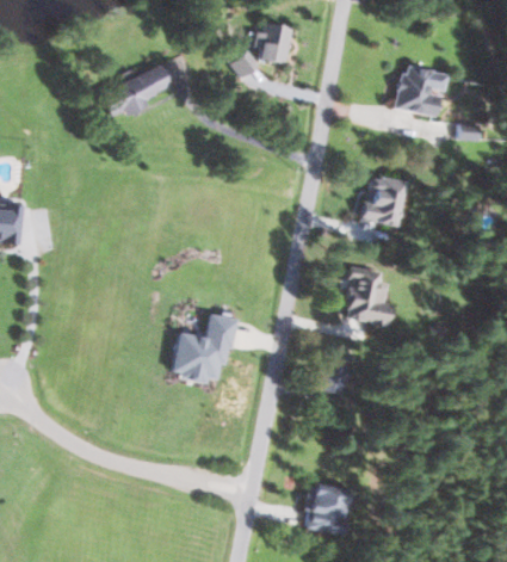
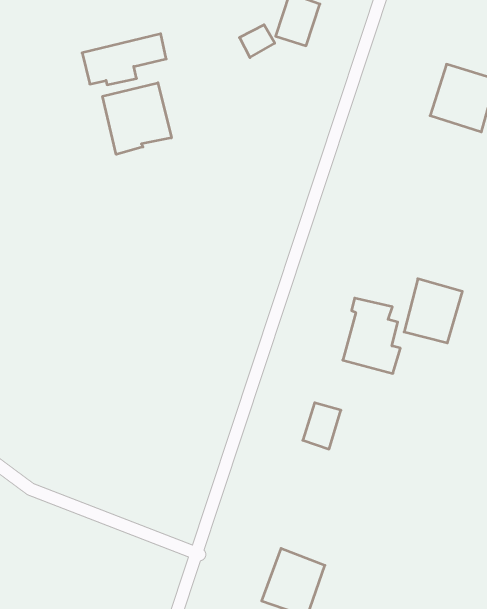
building: none -> [103,83,171,154]
building: [363,175,407,226] -> [404,279,462,343]
building: [172,314,236,384] -> none

